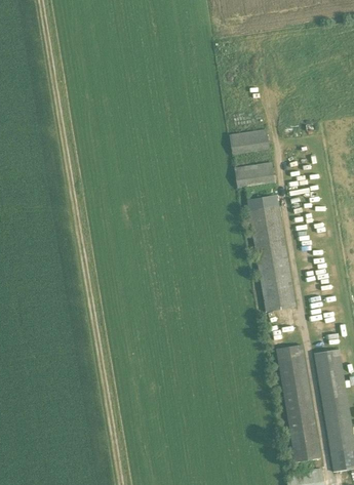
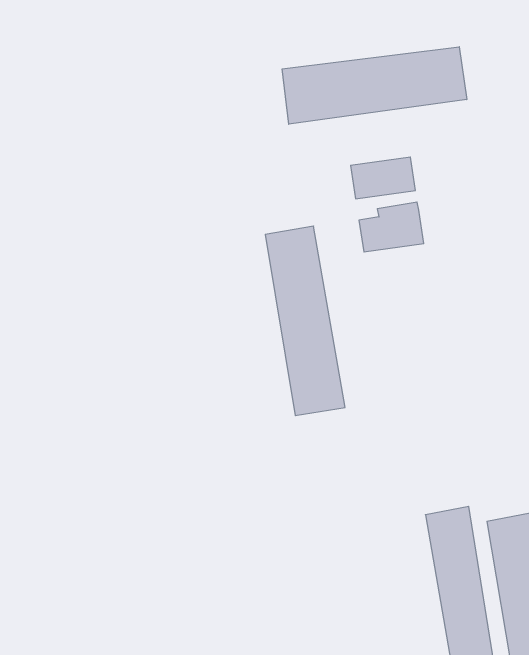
building: none -> [282,47,467,124]
building: [247,195,297,312] -> [265,226,345,416]

